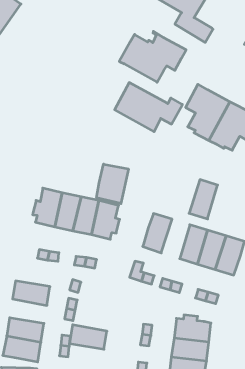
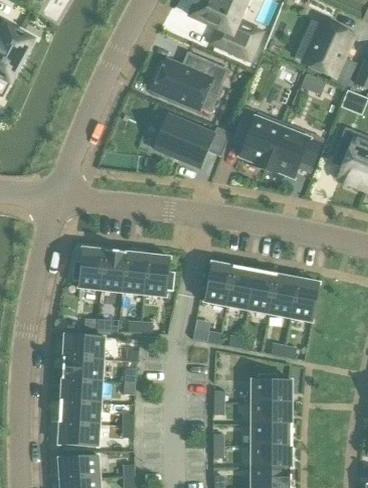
building: [97,164,128,204] -> none
building: [189,180,218,219] -> [225,266,254,310]
building: none -> [62,334,104,359]
building: [70,325,107,349] -> [60,378,101,402]

